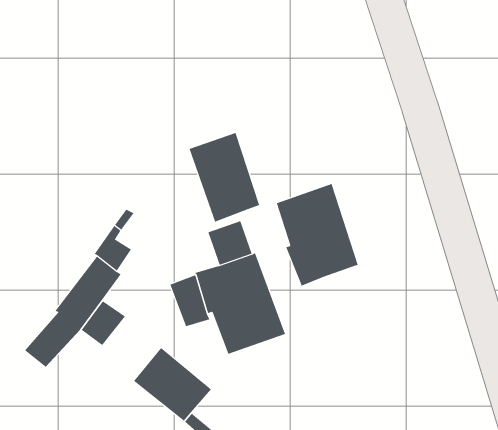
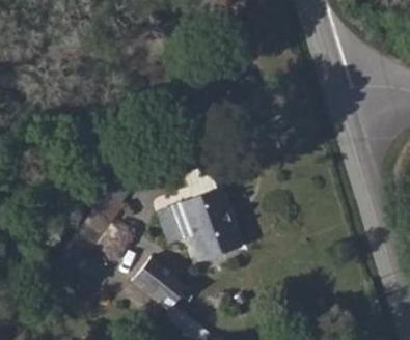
building: [189,132,260,223] -> none
building: [276,183,358,287] -> none

